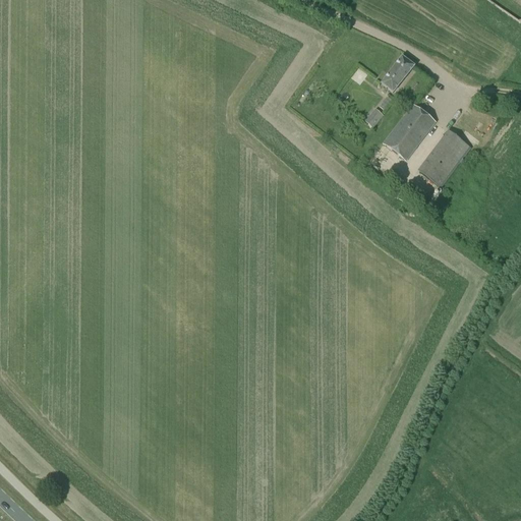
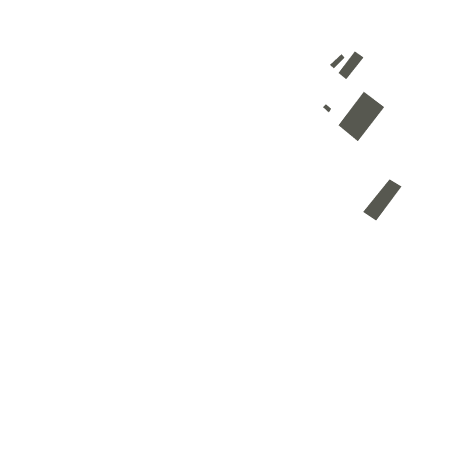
building: [419,133,465,182] -> [362,178,403,222]

